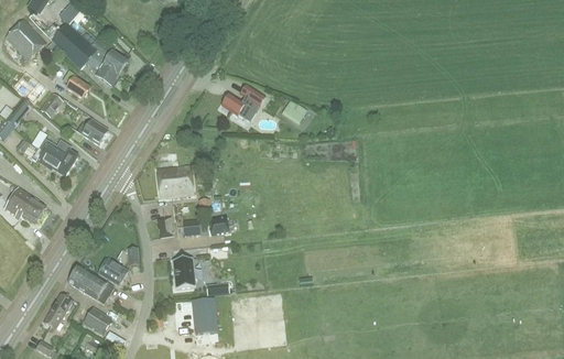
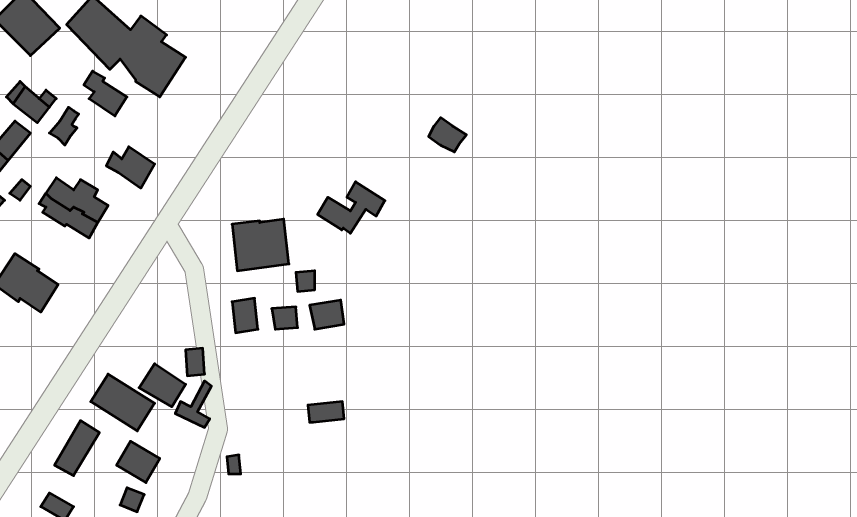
building: [221,84,264,117] -> [318,182,385,233]
building: [172,257,194,287] -> none
building: [191,296,216,334] -> none

